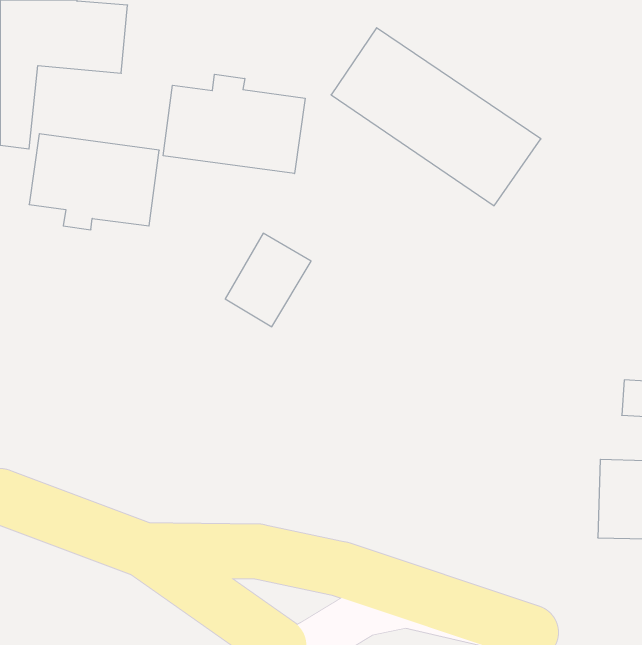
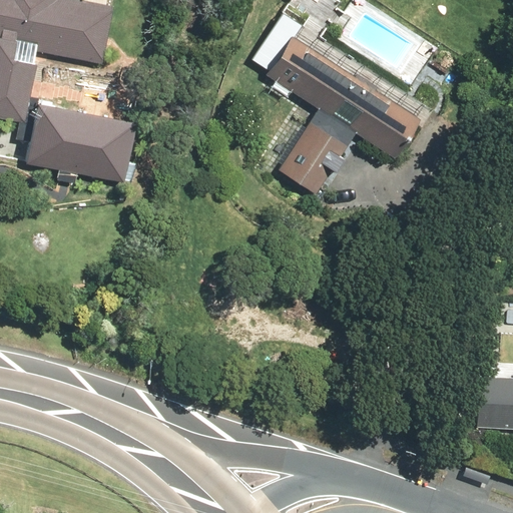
building: [163,74,305,174] -> none
building: [225,233,311,327] -> [280,119,348,193]

